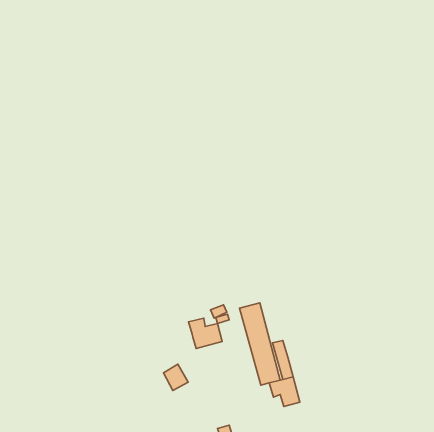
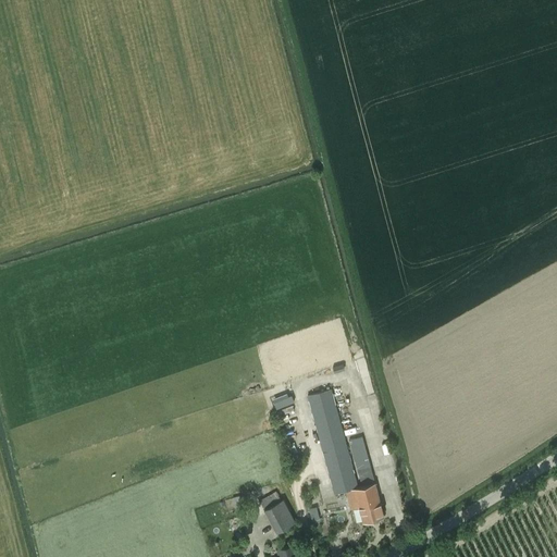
building: [189,318,222,349] -> none
building: [163,364,188,391] -> [264,500,296,534]

